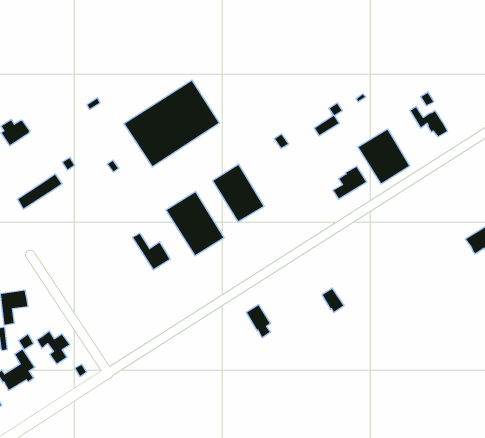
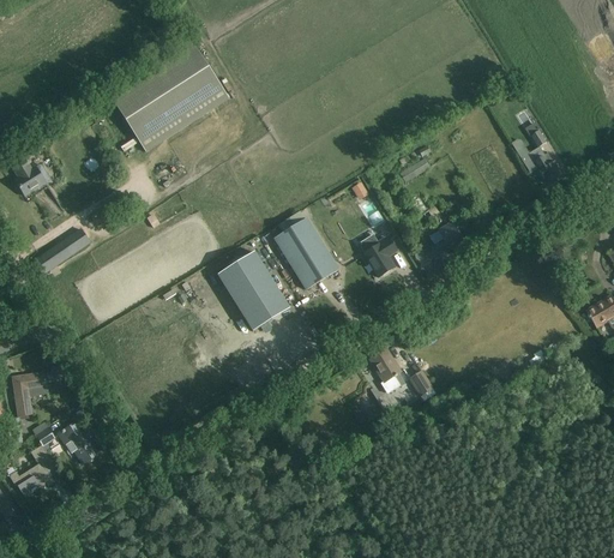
building: [124,80,219,167] -> [110,43,228,150]
building: [358,129,410,184] -> none
building: none -> [357,234,396,275]
building: [132,233,170,270] -> none
building: [246,305,271,338] -> [369,348,399,389]

